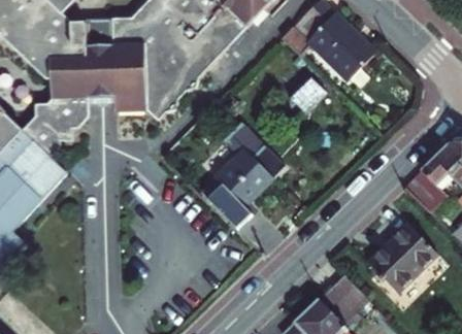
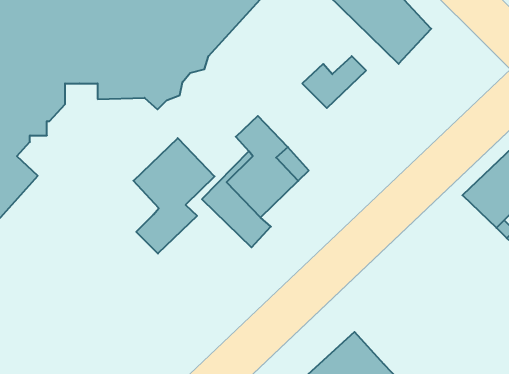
building: none -> [133,138,215,254]
building: [365,223,433,289] -> none
building: [317,272,366,322] -> none

